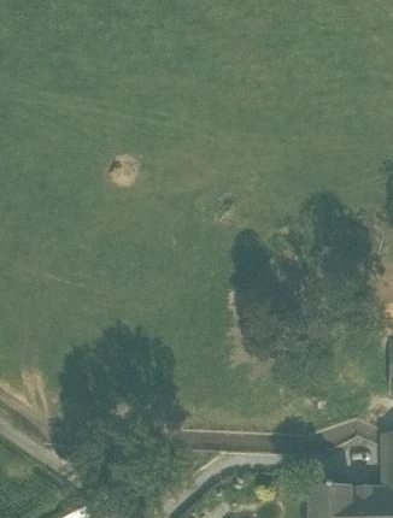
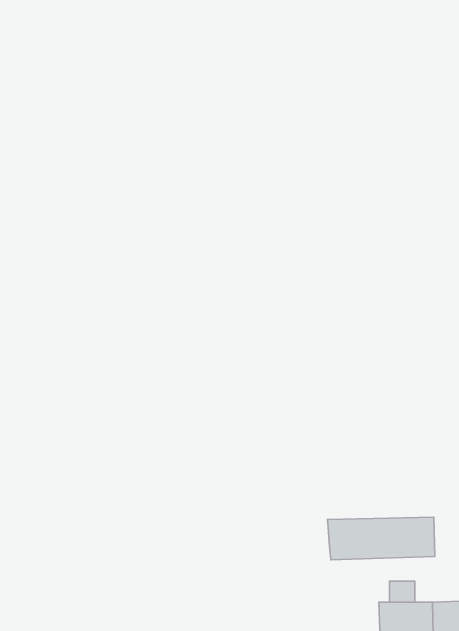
building: none -> [328,517,435,560]

